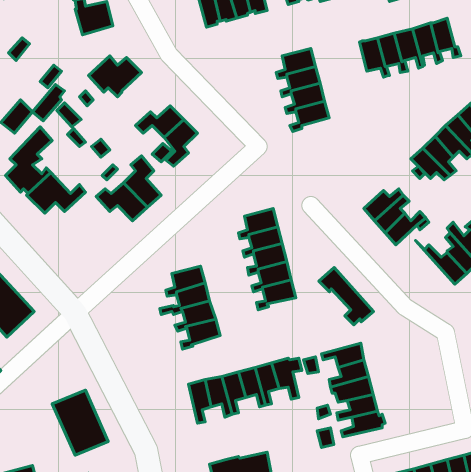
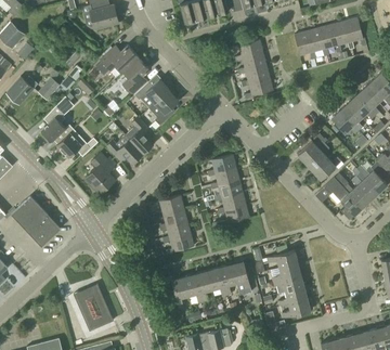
building: none -> [121,57,147,96]
building: none -> [84,154,114,194]
building: [319,268,373,325] -> [323,178,362,219]

